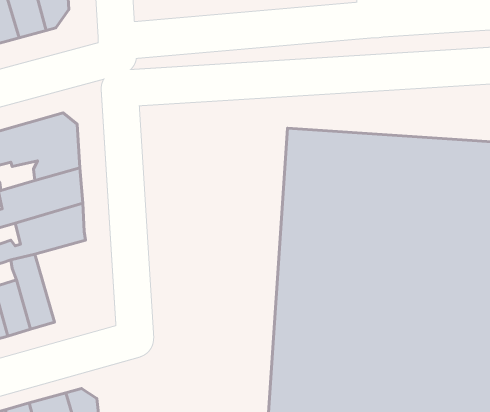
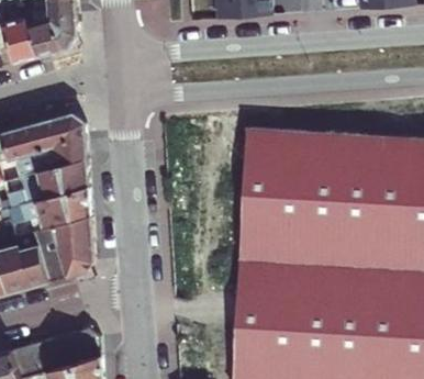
building: none -> [51,213,93,277]

